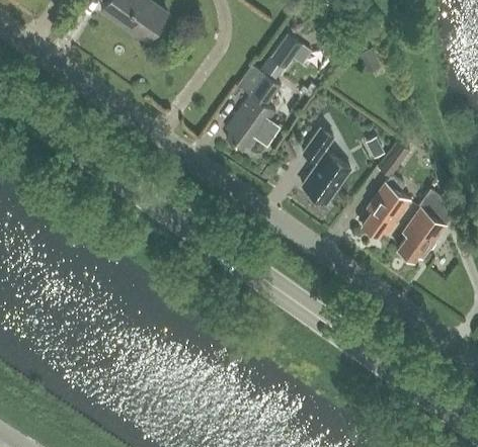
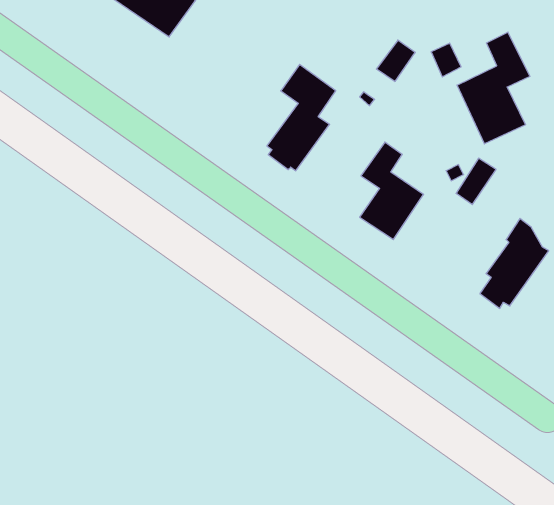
building: [271,34,303,68] -> [376,40,415,81]
building: none -> [457,32,530,144]
building: [362,182,410,236] -> none

